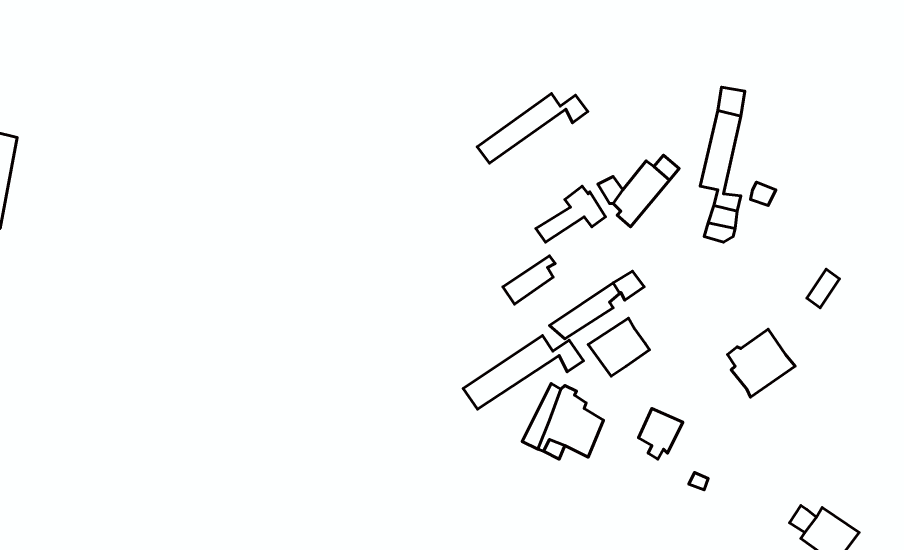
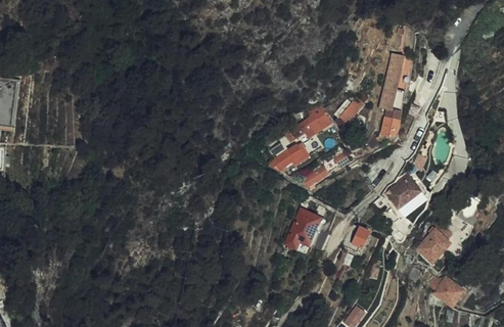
building: [477,94,588,163] -> none
building: [588,318,649,376] -> none
building: [463,336,583,409] -> none
building: none -> [416,220,451,262]

